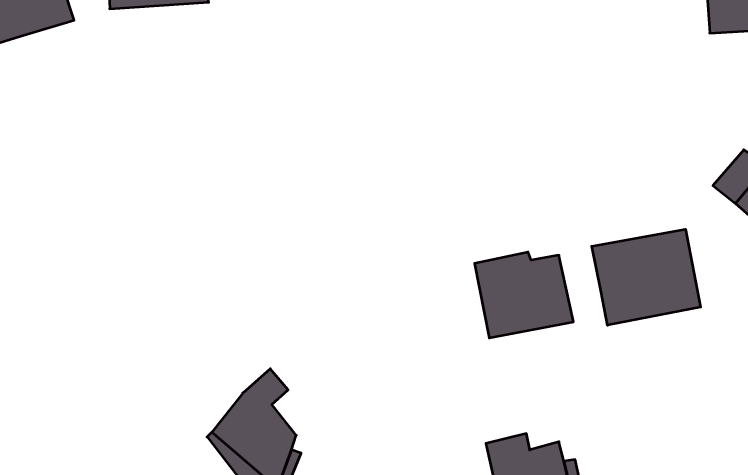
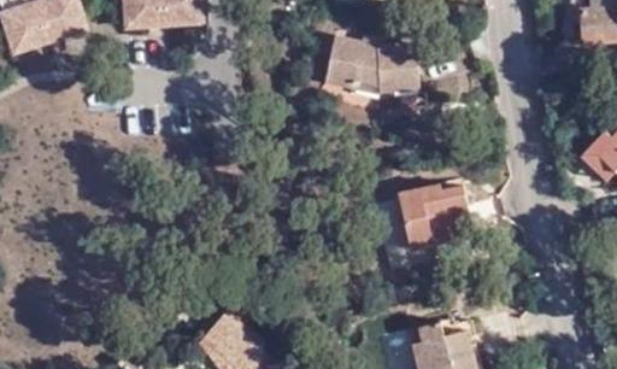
building: none -> [322,47,416,102]
building: [592,229,701,325] -> none

